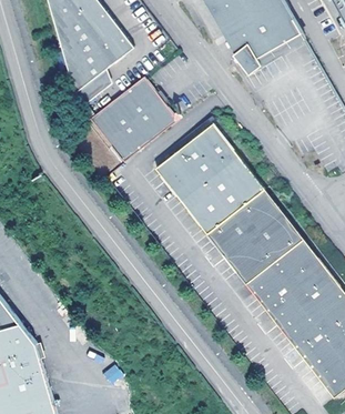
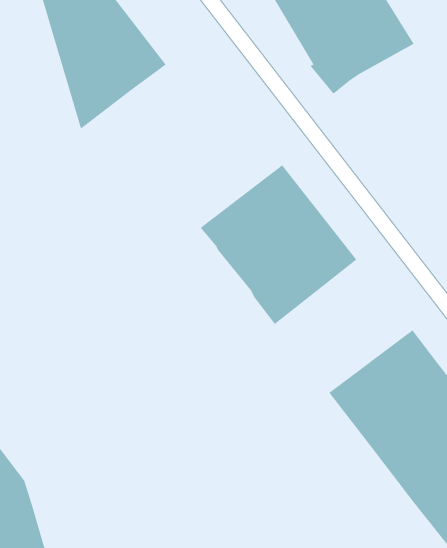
building: [91,77,177,161] -> none
building: [206,188,303,281] -> none

